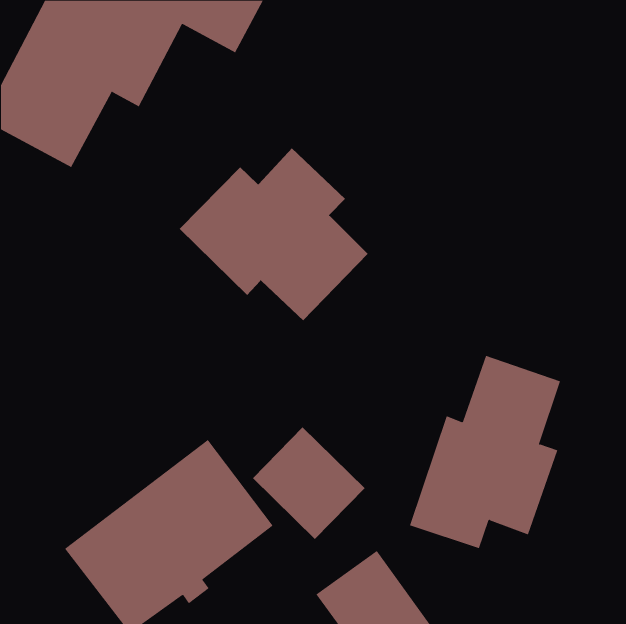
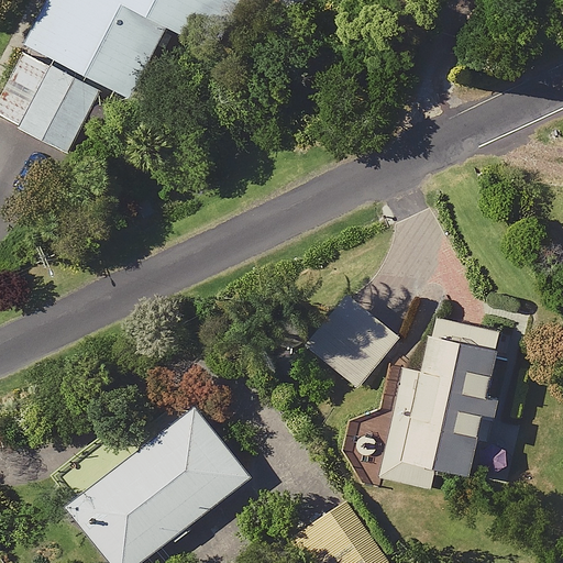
building: [179,147,369,321] -> none
building: [252,426,365,540] -> [299,290,400,391]

